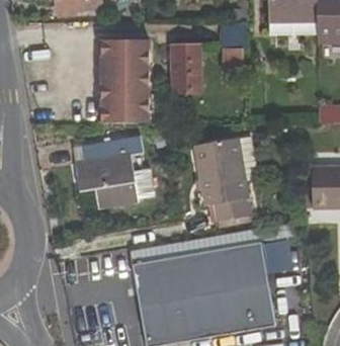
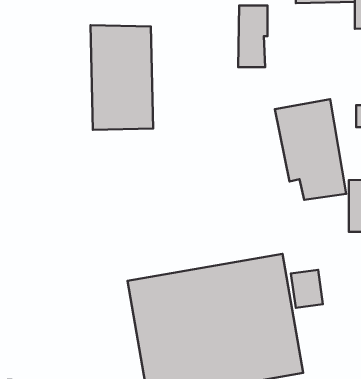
building: [172,46,199,93] -> none
building: [75,138,141,208] -> none
building: [192,139,251,222] -> [275,99,346,200]

